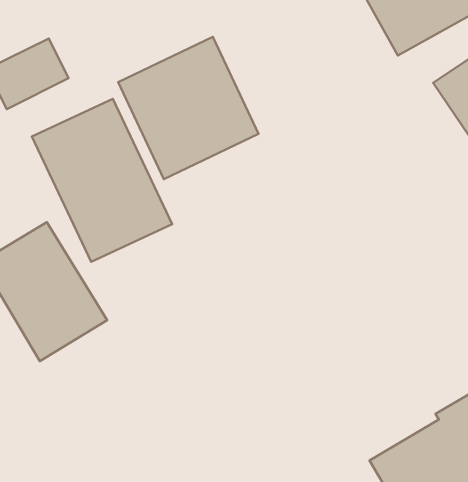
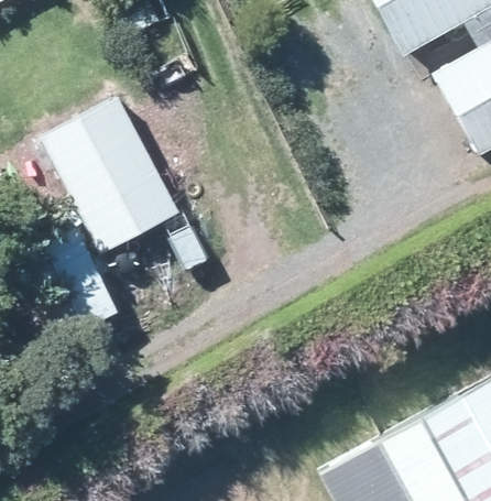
building: [118,37,259,179] -> none

